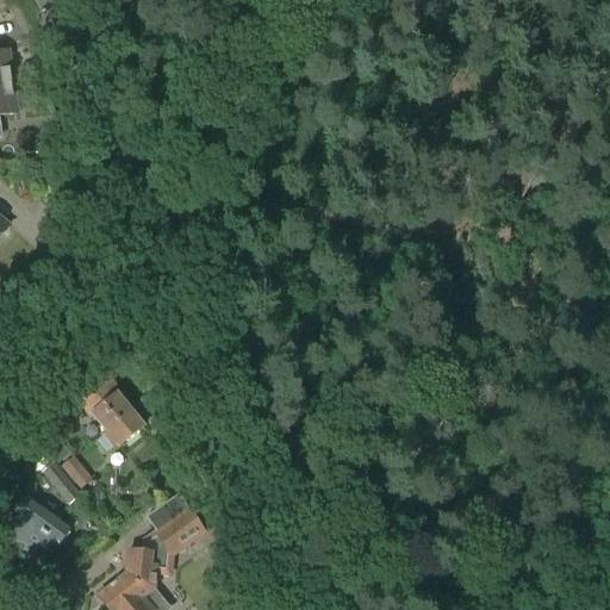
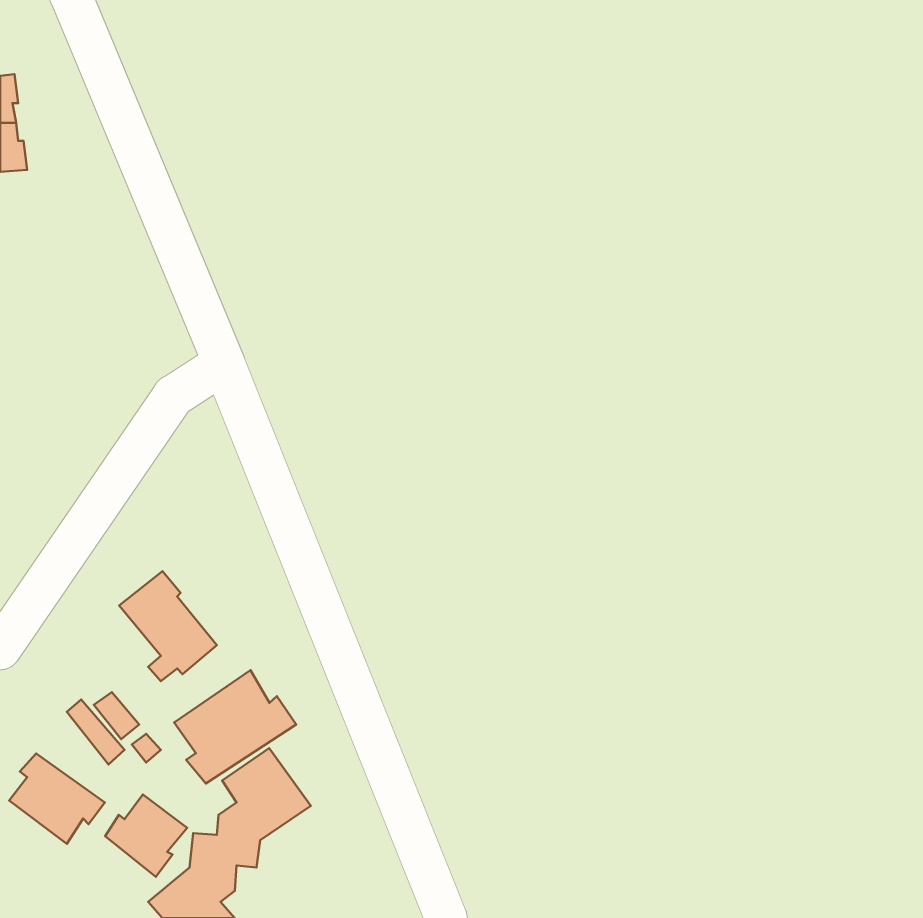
building: none -> [174,670,296,783]
building: none -> [105,794,187,877]

